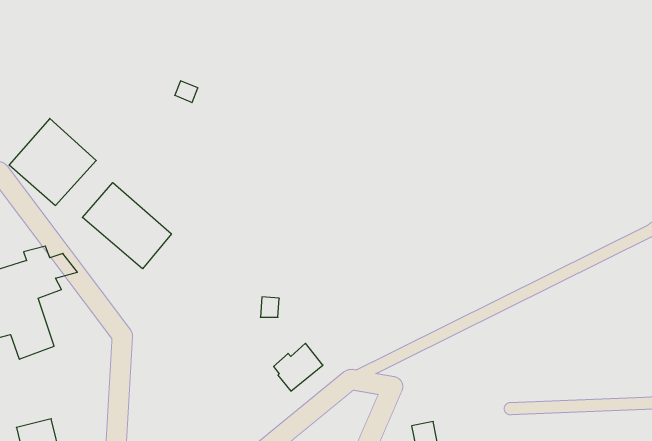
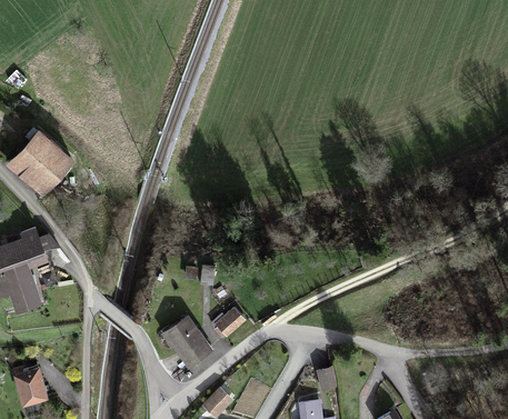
building: [82,183,171,269] -> none
building: none -> [161,313,212,366]

